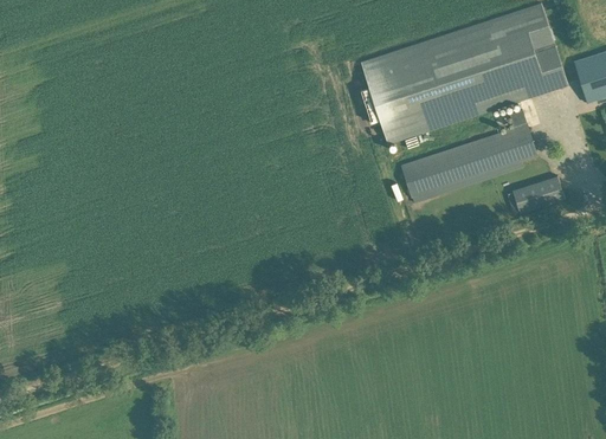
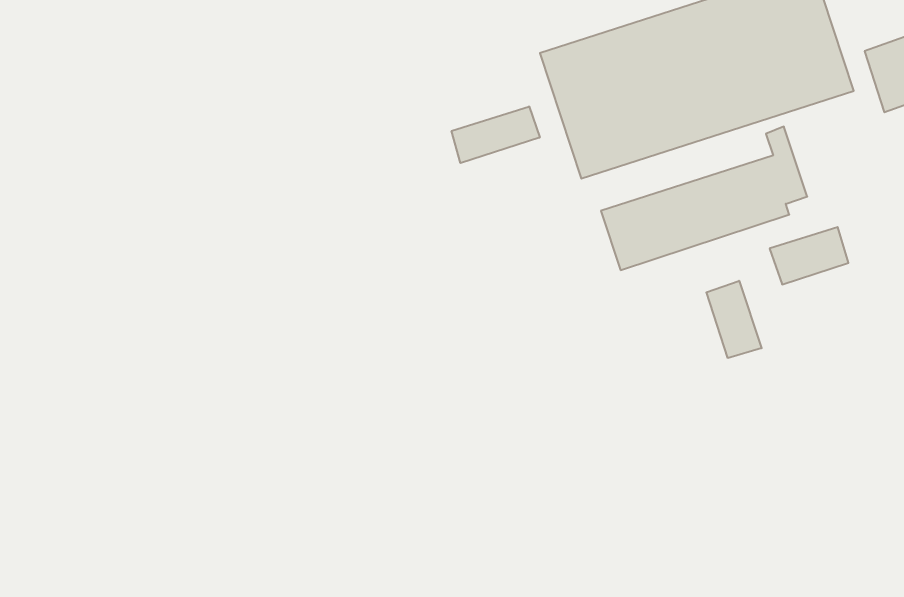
building: none -> [452,106,540,163]
building: none -> [706,281,762,358]

